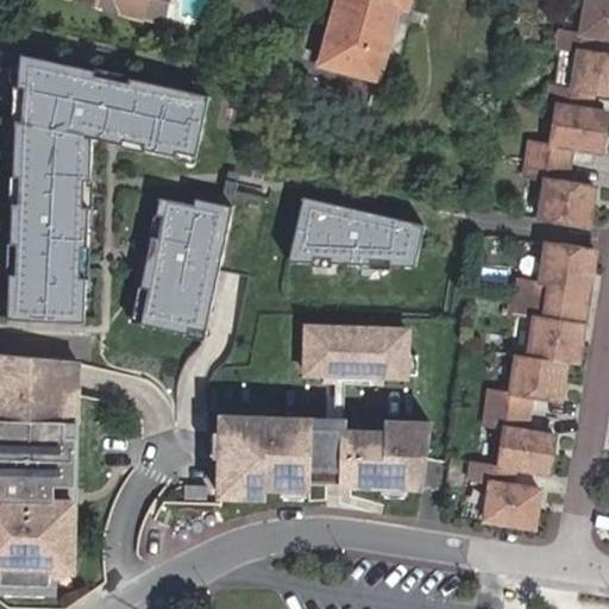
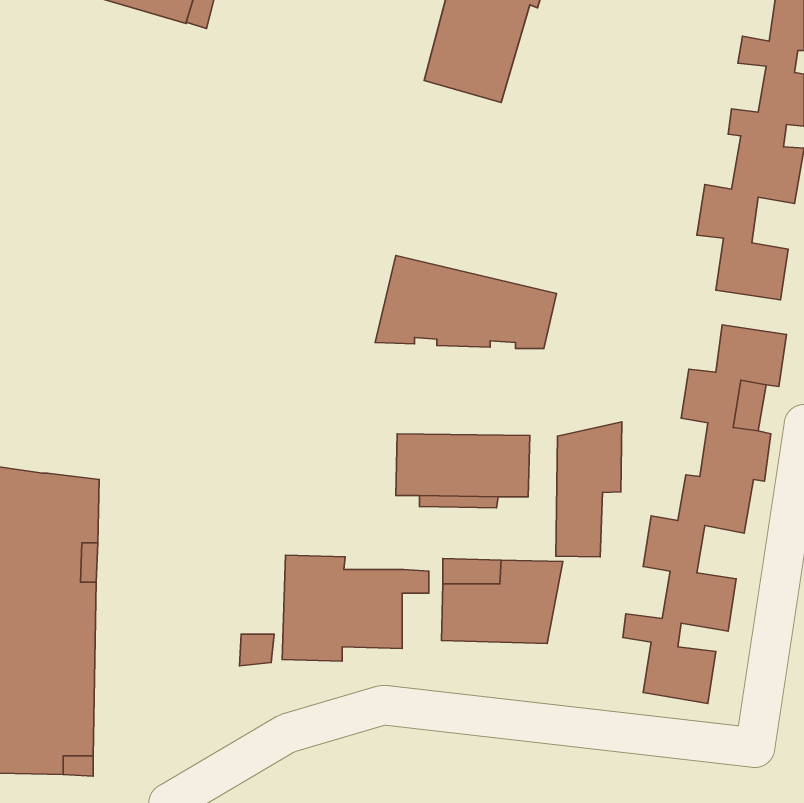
building: [6,50,208,319] -> none
building: [137,199,228,339] -> none
building: none -> [556,422,622,557]
building: [259,420,334,483] -> none

